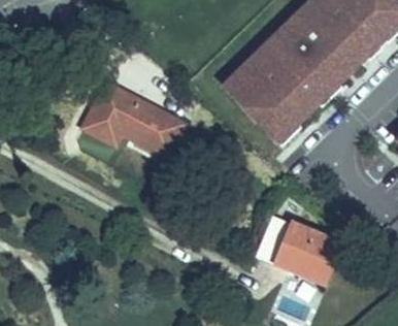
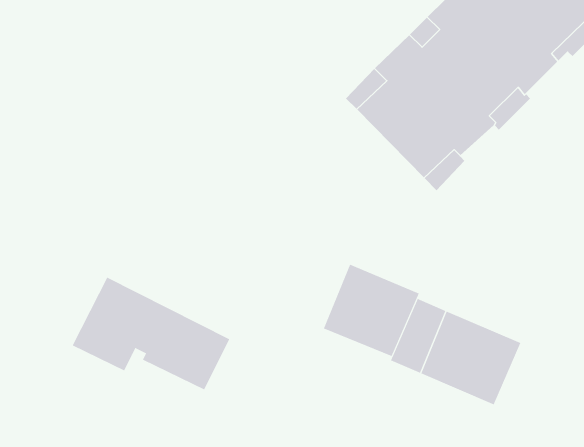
building: [79,81,181,155] -> [72,277,230,390]
building: none -> [323,264,419,357]

